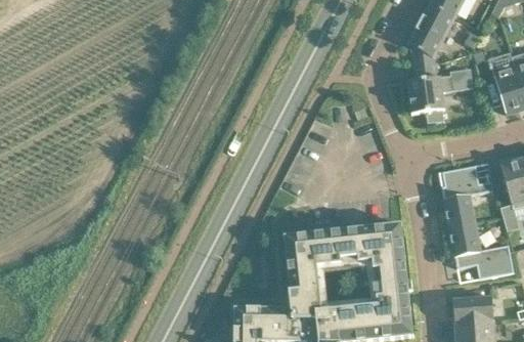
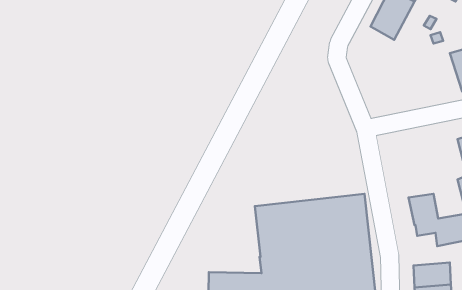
building: [407,45,473,122] -> none
building: [442,165,493,226] -> none

